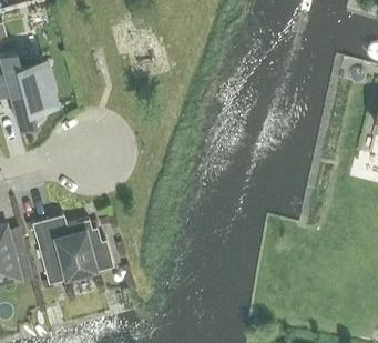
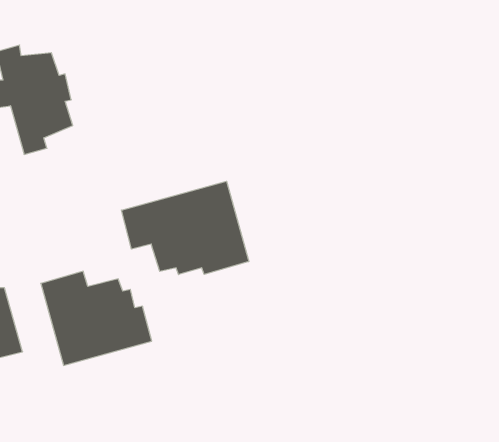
building: none -> [121,181,249,275]

